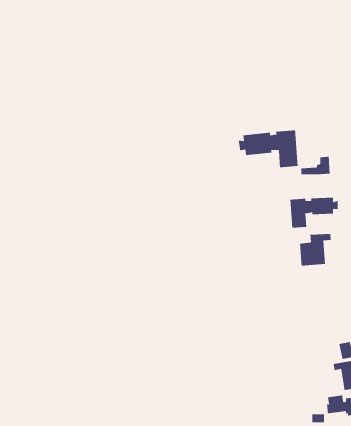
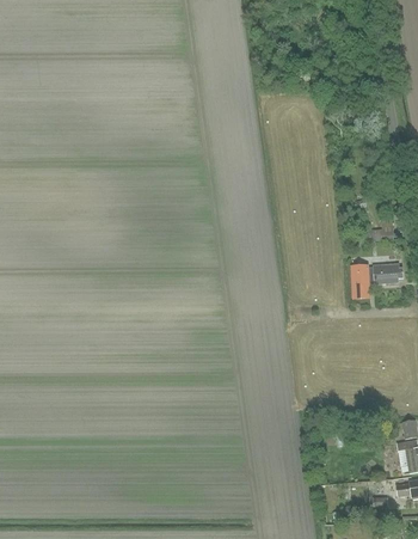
building: [238,130,298,168] -> none
building: [299,233,331,267] -> none

